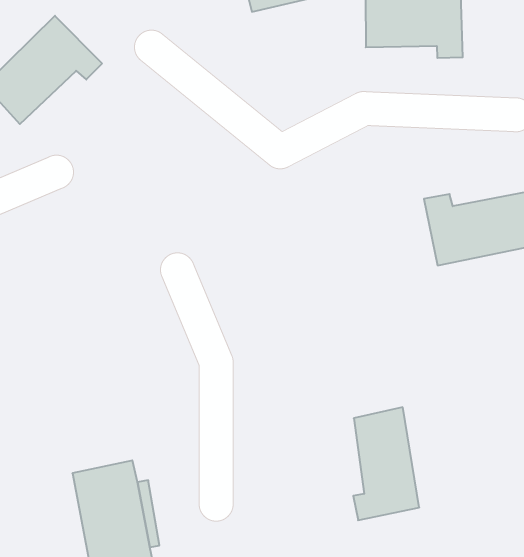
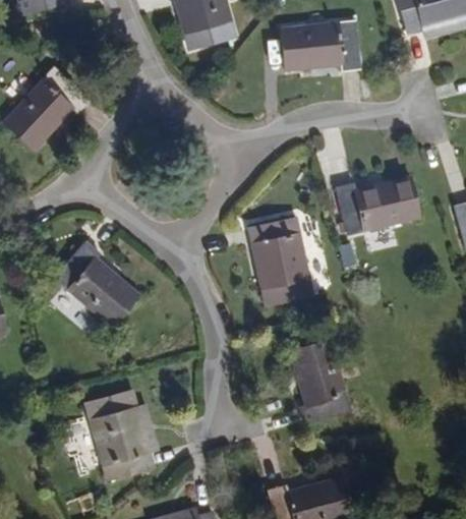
building: none -> [253,217,315,308]
building: none -> [54,247,137,334]

